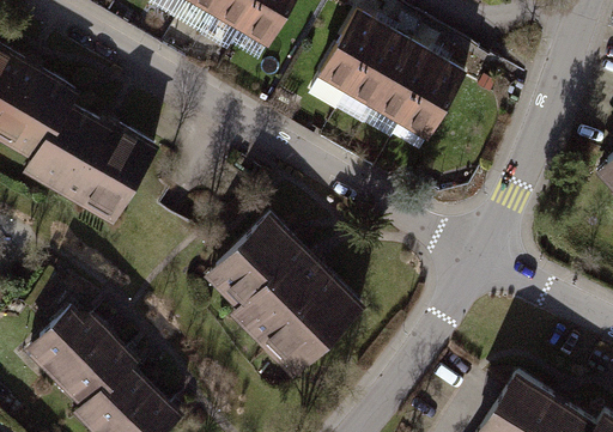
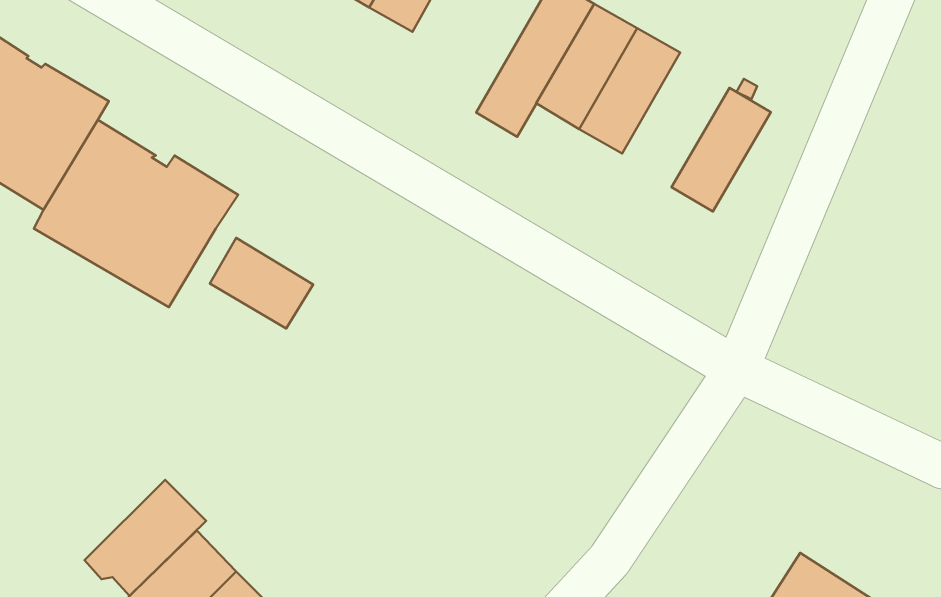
building: [400,59,463,138] -> [672,88,771,211]
building: none -> [210,238,313,329]
building: [212,214,360,367] -> none
building: [28,305,108,382] -> none

